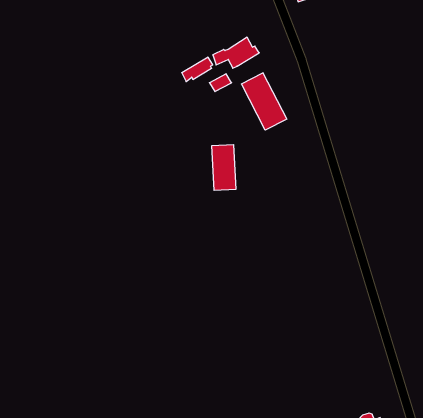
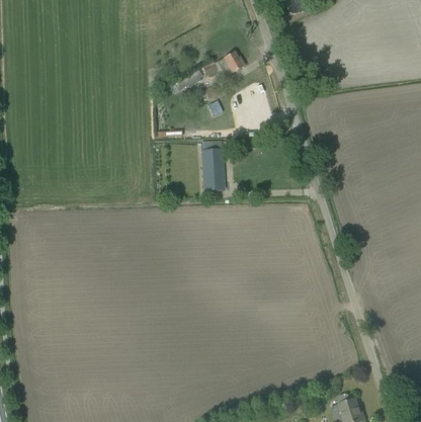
building: [241,73,287,130] -> none

